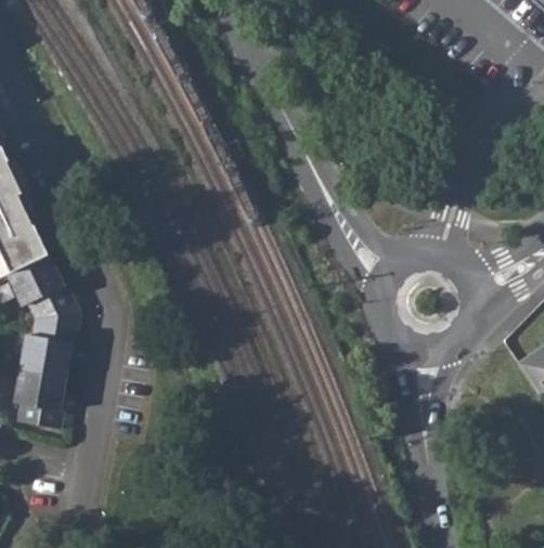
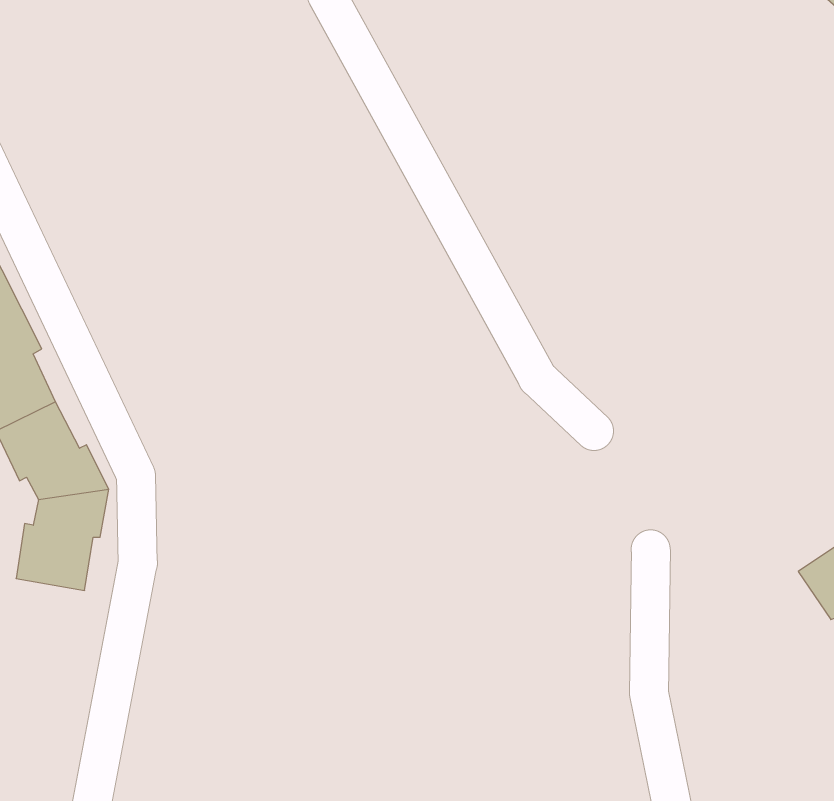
building: [16,368,65,427] -> none

